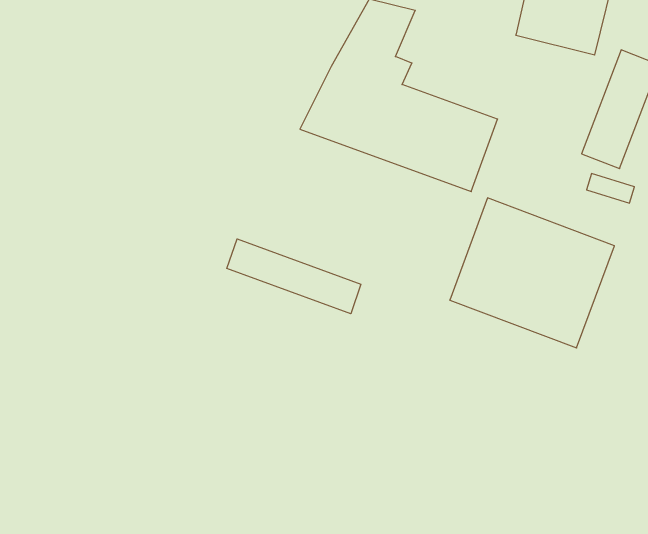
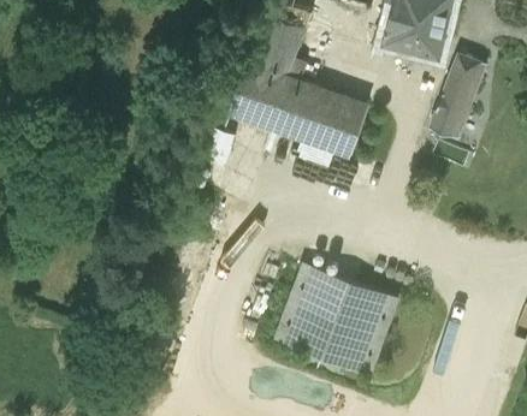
building: [450,198,614,348] -> [276,266,396,375]
building: [227,239,361,314] -> none

